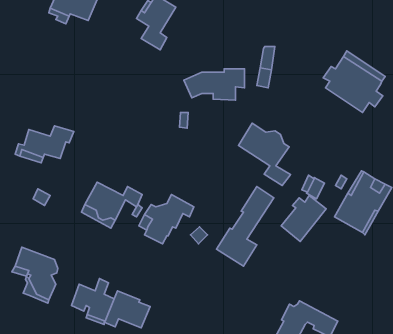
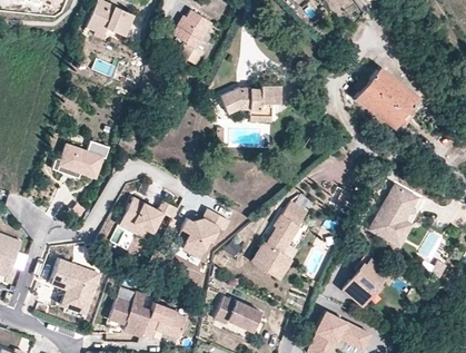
building: [239,123,291,185] -> none
building: [281,196,326,241] -> [343,257,387,303]
building: none -> [217,295,264,331]

